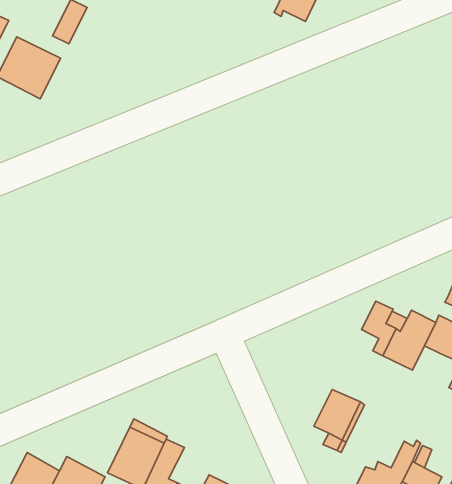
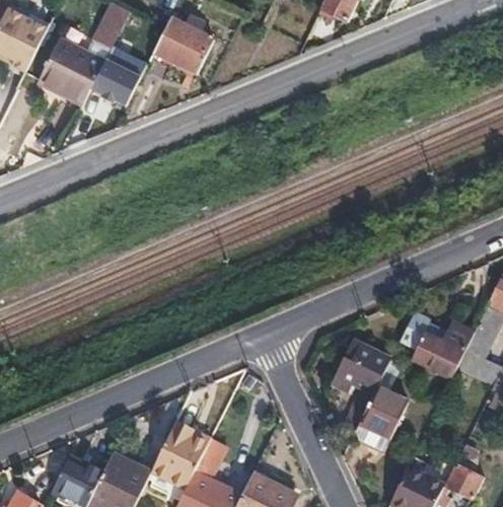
building: none -> [153,14,215,72]
building: none -> [89,58,141,107]
building: none -> [328,341,389,433]

